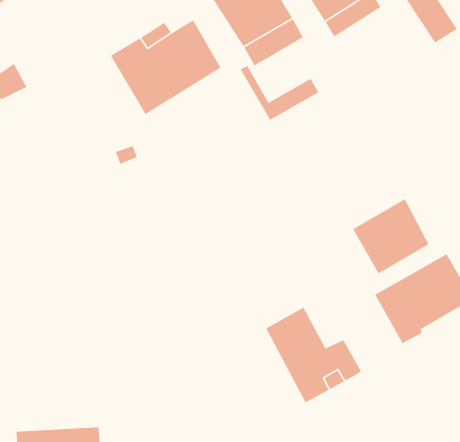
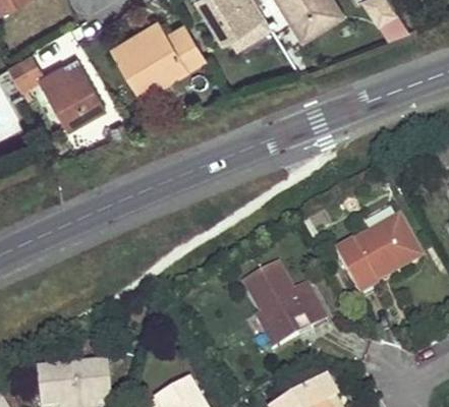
building: [240,65,320,121] -> none
building: none -> [44,61,110,132]
building: [352,198,430,275] -> none

